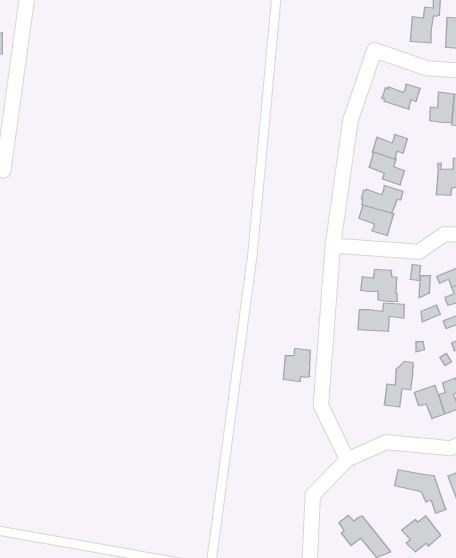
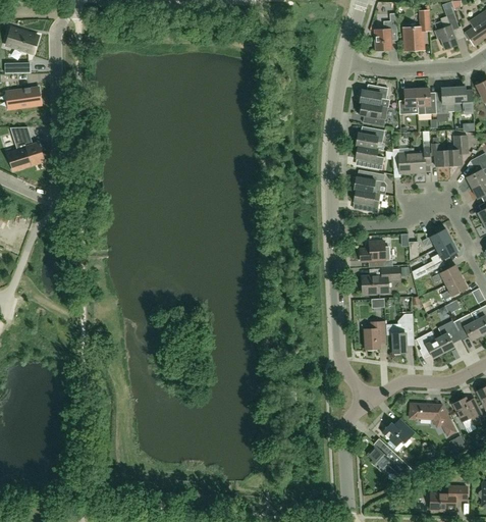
building: none -> [358,102,387,125]
building: none -> [392,148,413,173]
building: [283,349,310,381] -> [364,321,386,348]
building: [402,516,441,552] -> [381,418,414,449]

